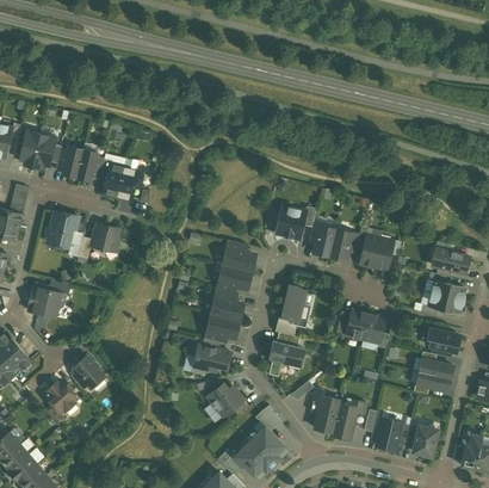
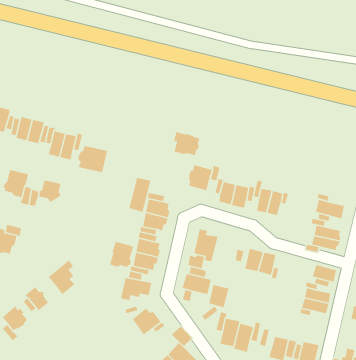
building: none -> [173,131,200,156]
building: none -> [78,145,108,173]
building: none -> [129,177,151,213]
building: none -> [109,241,134,268]
building: none -> [48,260,75,295]
building: none -> [209,284,230,308]

